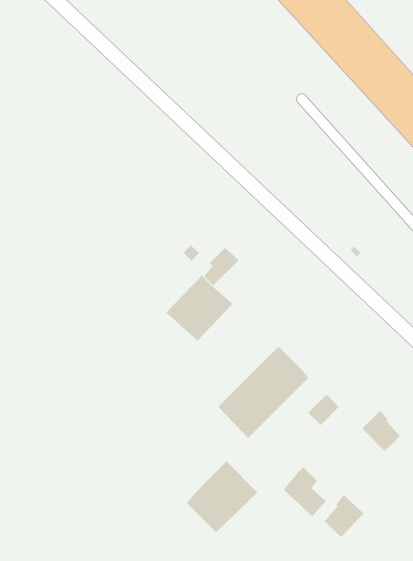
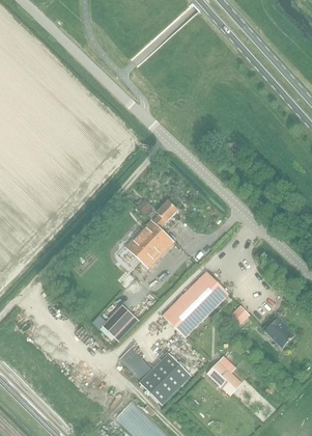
building: none -> [102,304,135,337]
building: none -> [120,347,153,381]
building: [324,494,364,538] -> none

